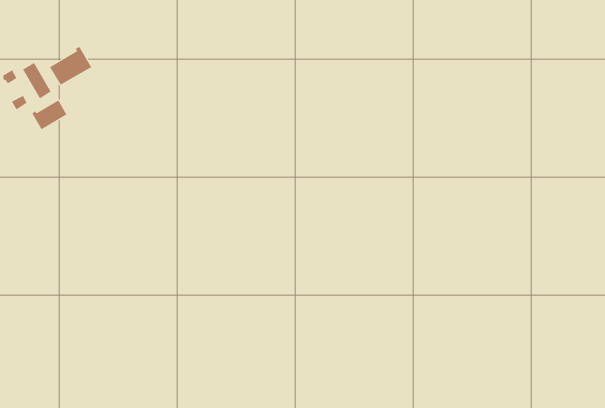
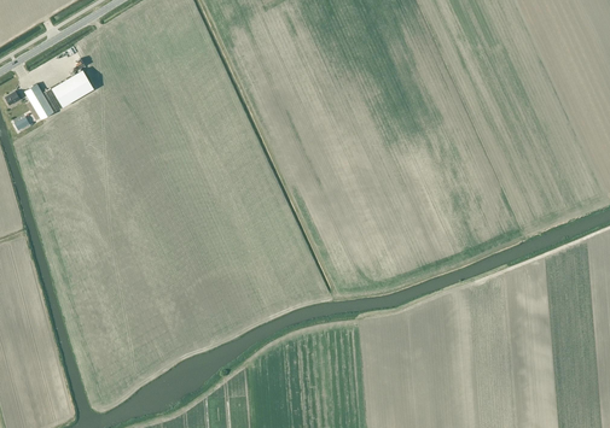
building: [31,100,67,130] -> none

